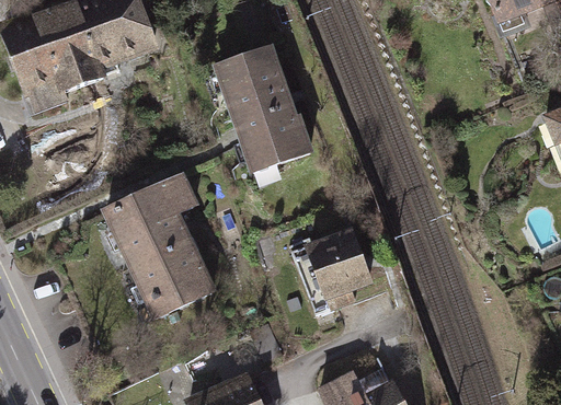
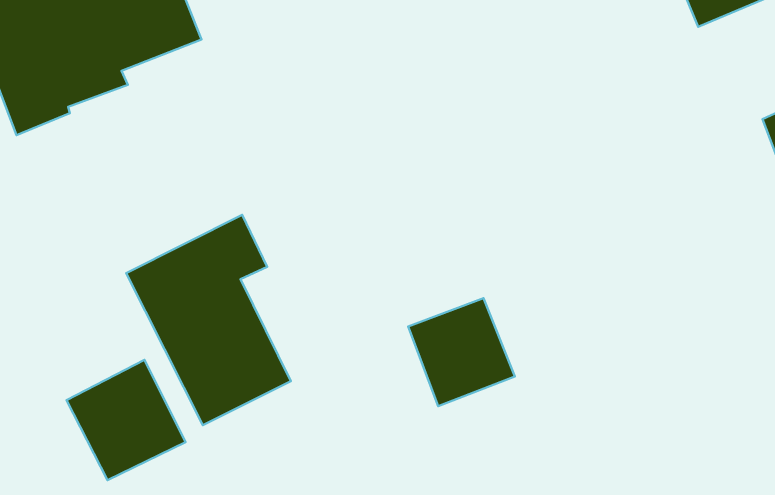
building: [211,46,312,174] -> none
building: none -> [67,360,186,480]

